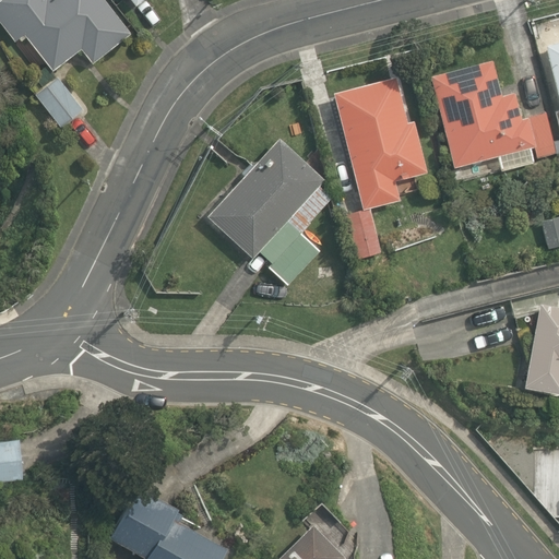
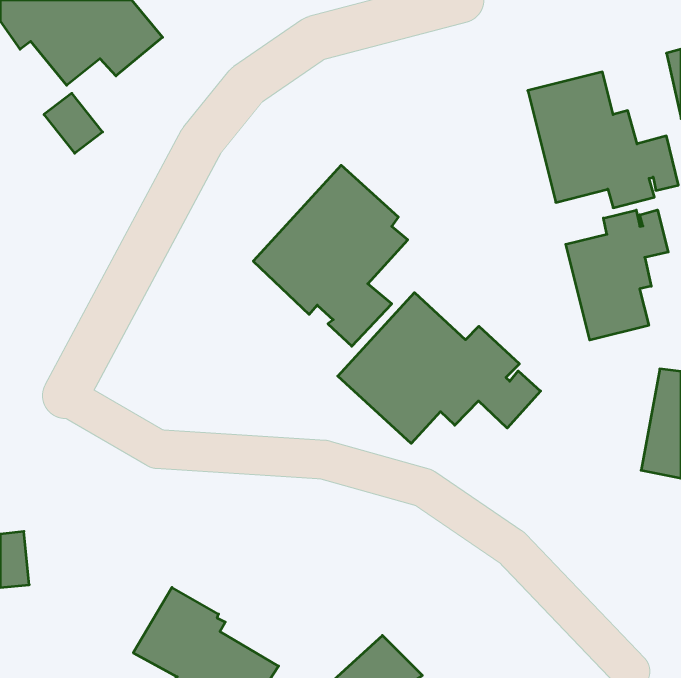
building: [333,78,428,211] -> none
building: none -> [566,210,668,340]
building: none -> [338,293,541,443]

